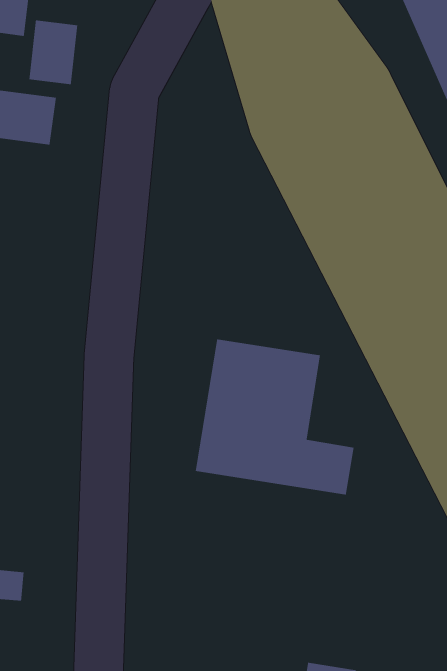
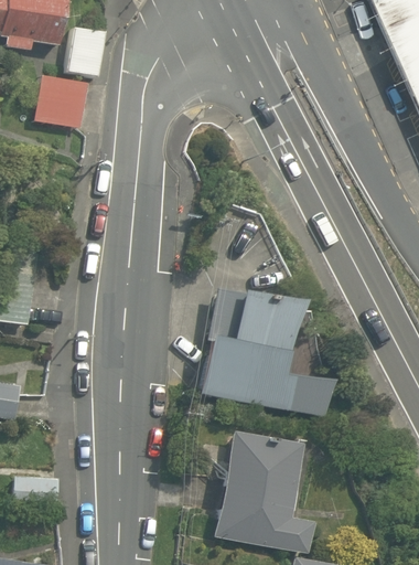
building: none -> [216,427,318,553]

